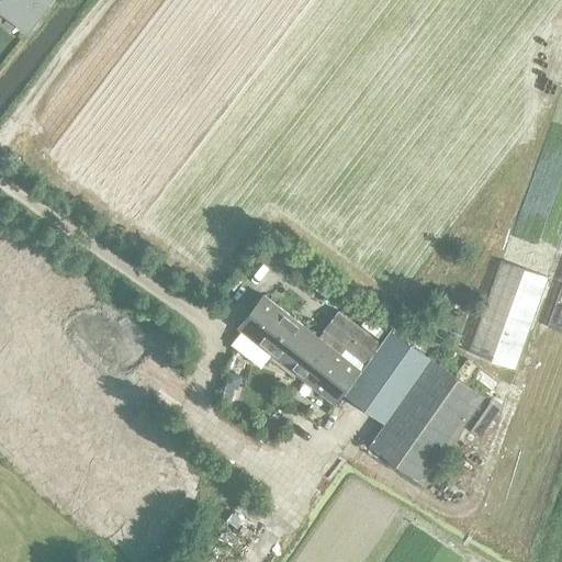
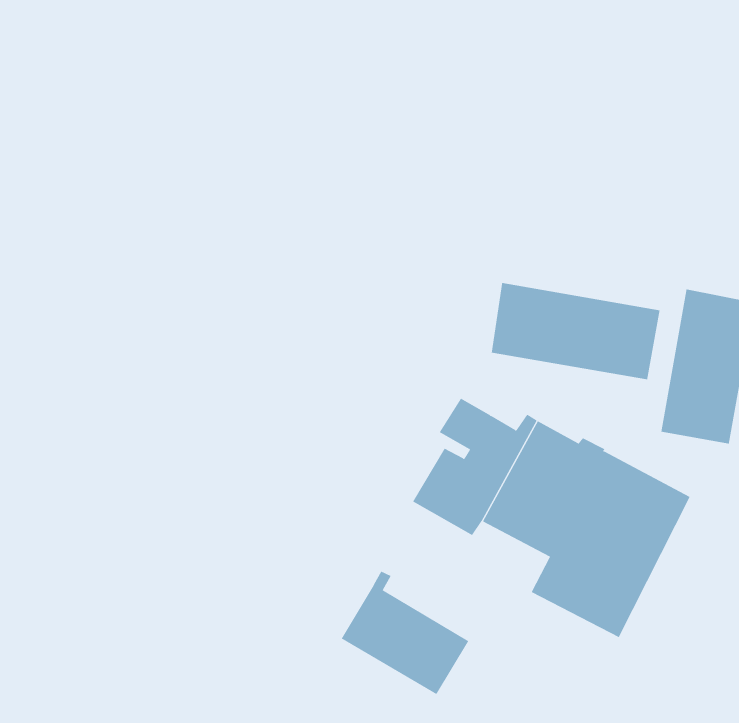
building: none -> [491,282,660,380]
building: [236,288,322,375] -> [341,571,469,695]

